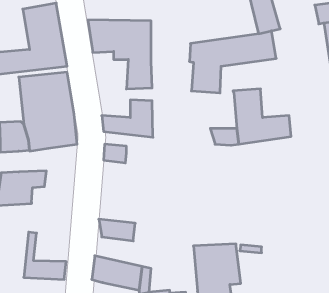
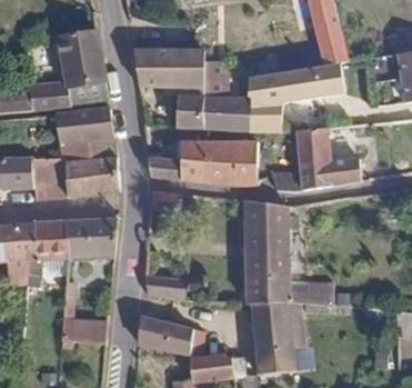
building: none -> [203,96,251,129]
building: none -> [204,139,257,185]
building: none -> [244,199,299,304]
building: none -> [69,217,117,255]

